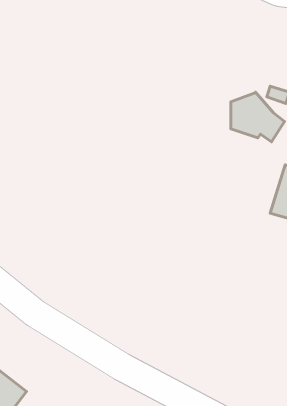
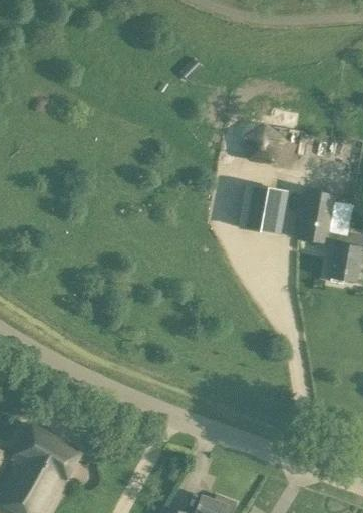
building: none -> [242,183,290,234]

